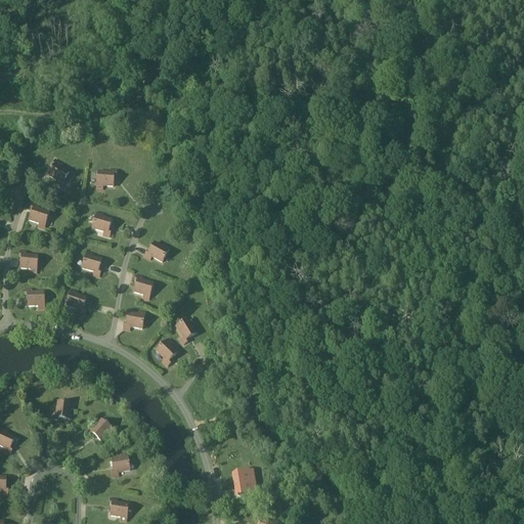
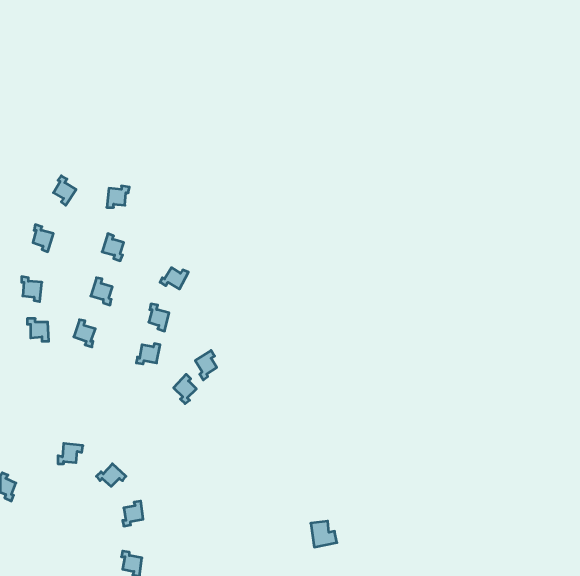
building: [236,473,260,496] -> [311,521,337,547]

